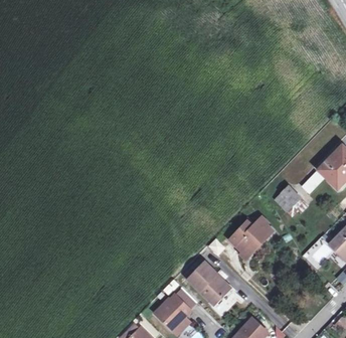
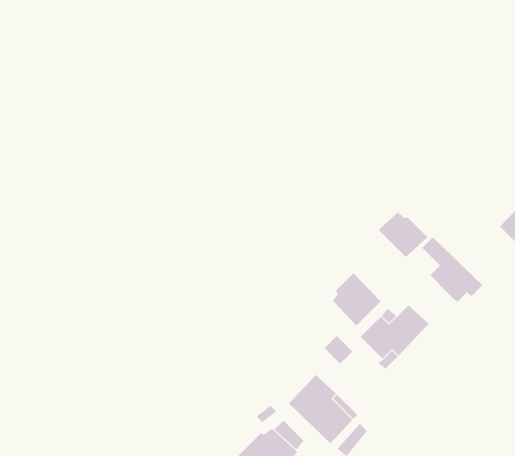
building: none -> [378,212,428,258]
building: none -> [332,273,381,326]

